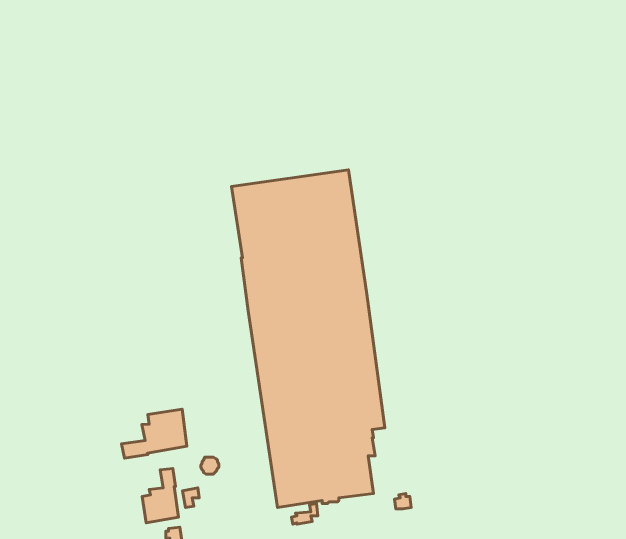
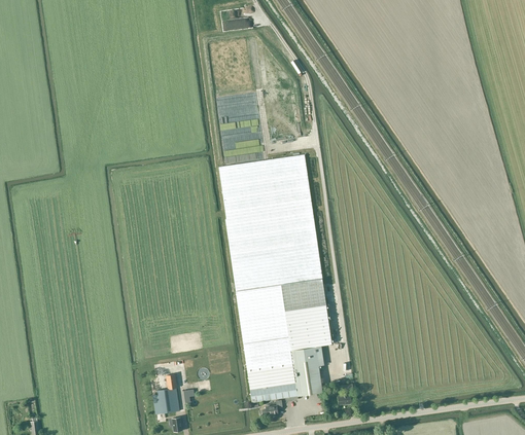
building: [122,409,187,458] -> none

